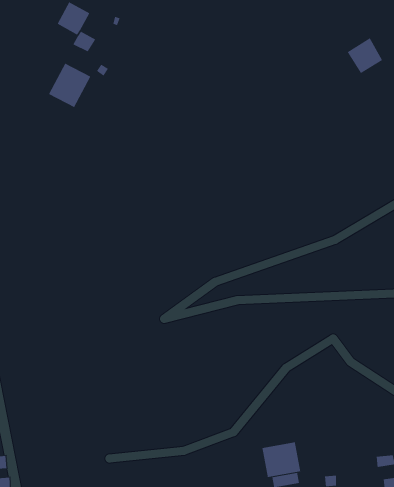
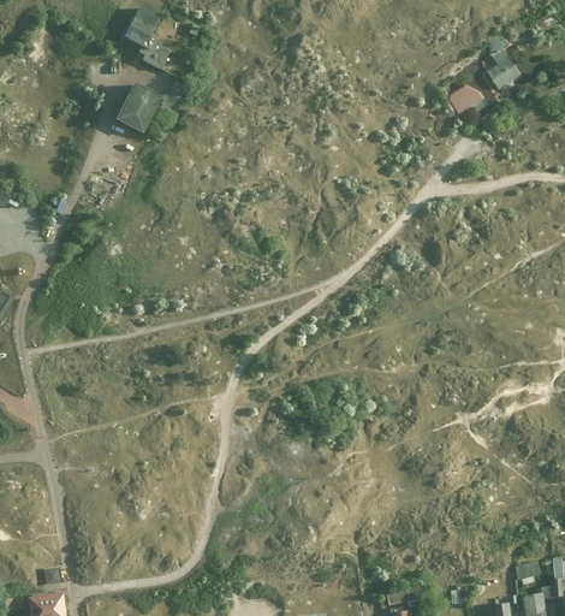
building: none -> [447,88,482,118]
building: [262,442,301,478] -> none

